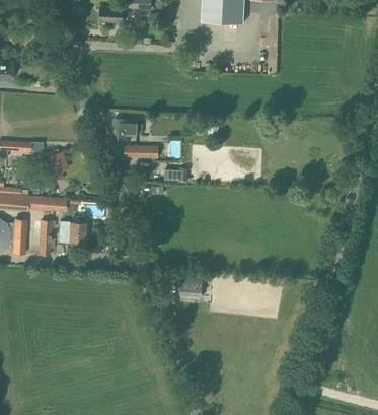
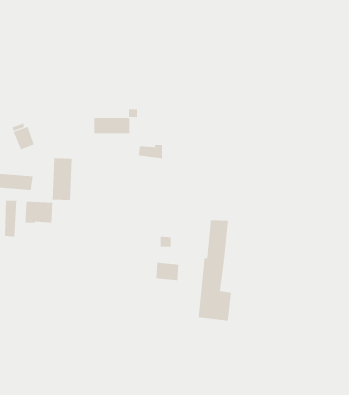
building: [114,119,143,138] -> none
building: none -> [52,158,72,201]
building: none -> [198,219,231,321]

